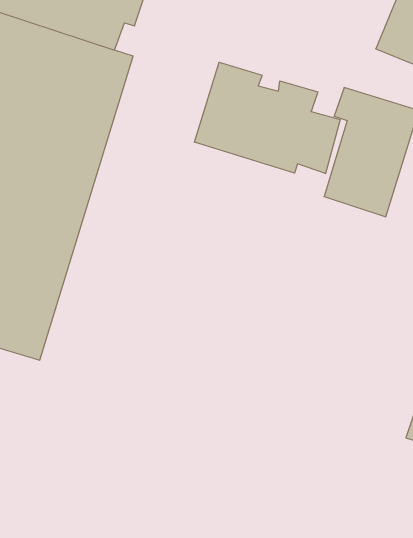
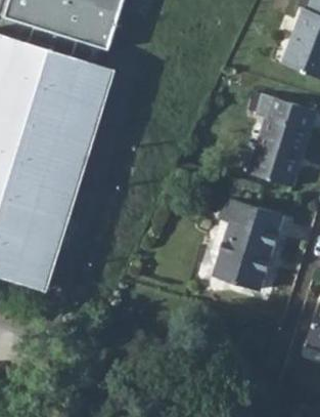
building: [194,62,340,174] -> none
building: none -> [209,199,280,290]

